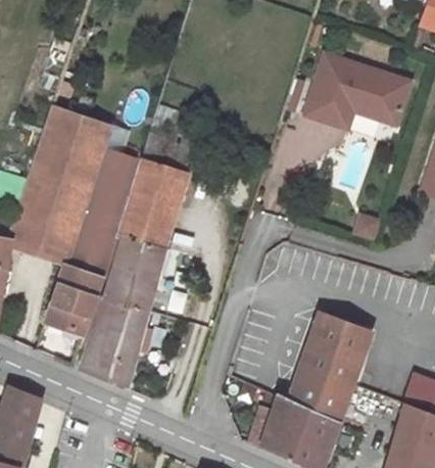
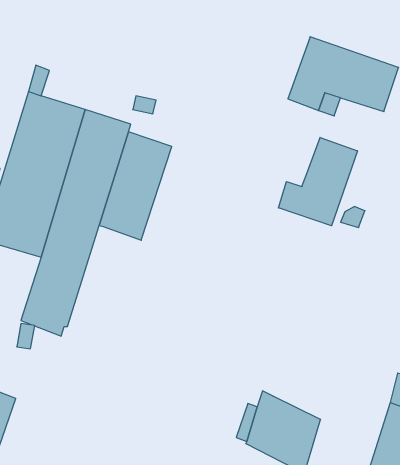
building: none -> [278,137,357,226]
building: [82,235,162,391] -> none
building: [290,309,367,422] -> none

